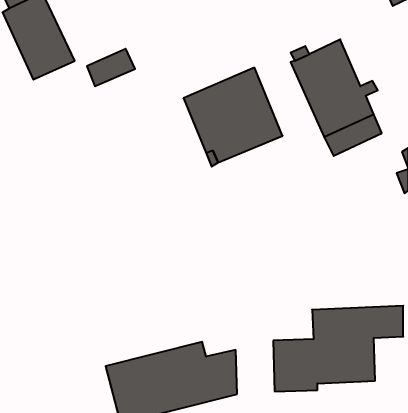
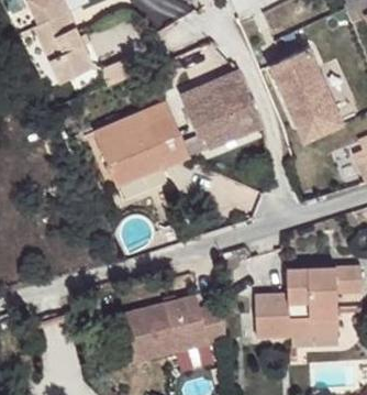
building: none -> [94,101,188,187]

